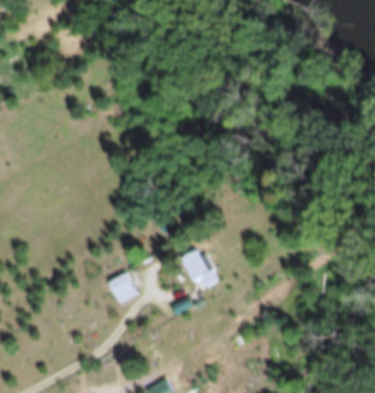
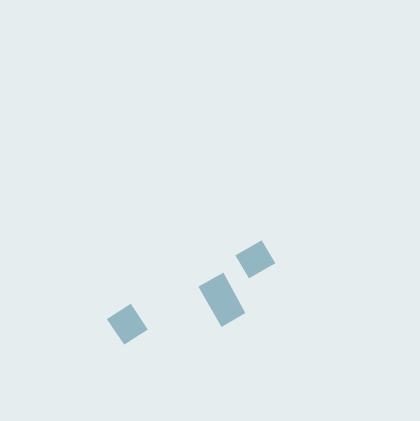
building: none -> [235,240,276,279]

